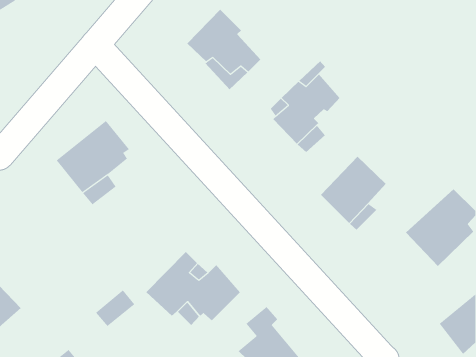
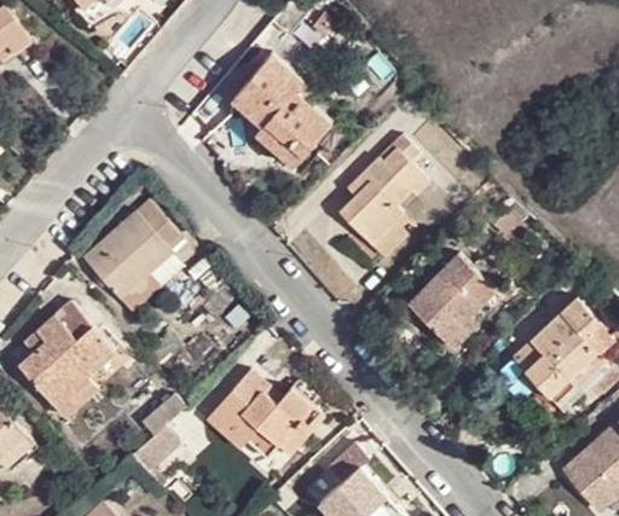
building: none -> [7,302,111,421]

